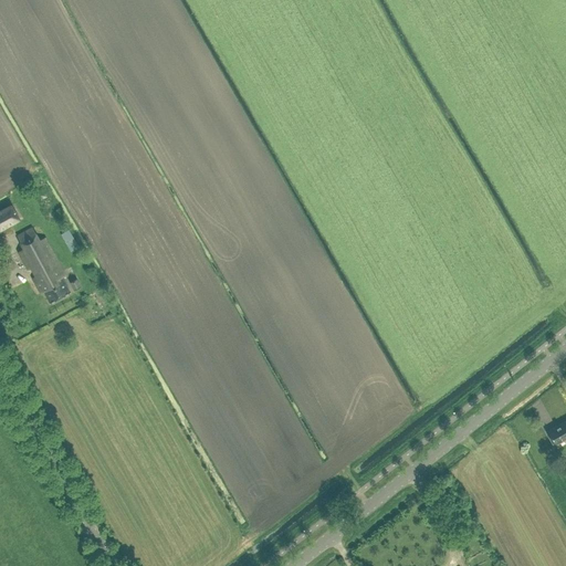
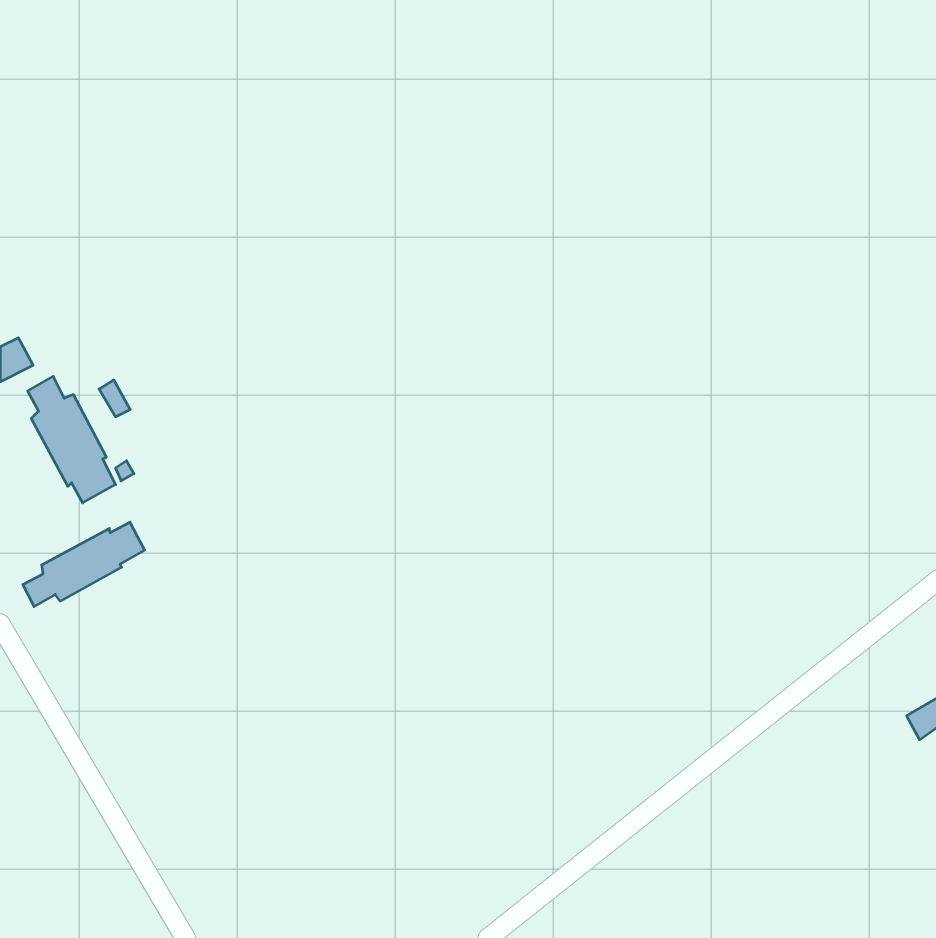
building: none -> [23,522,145,607]

